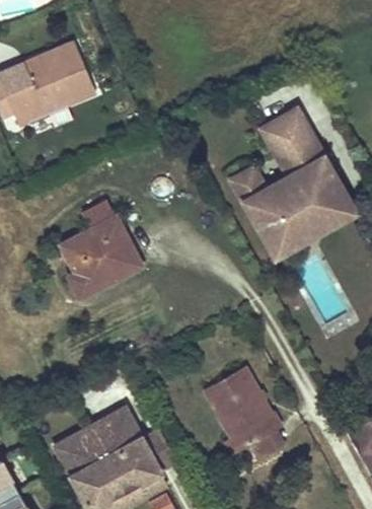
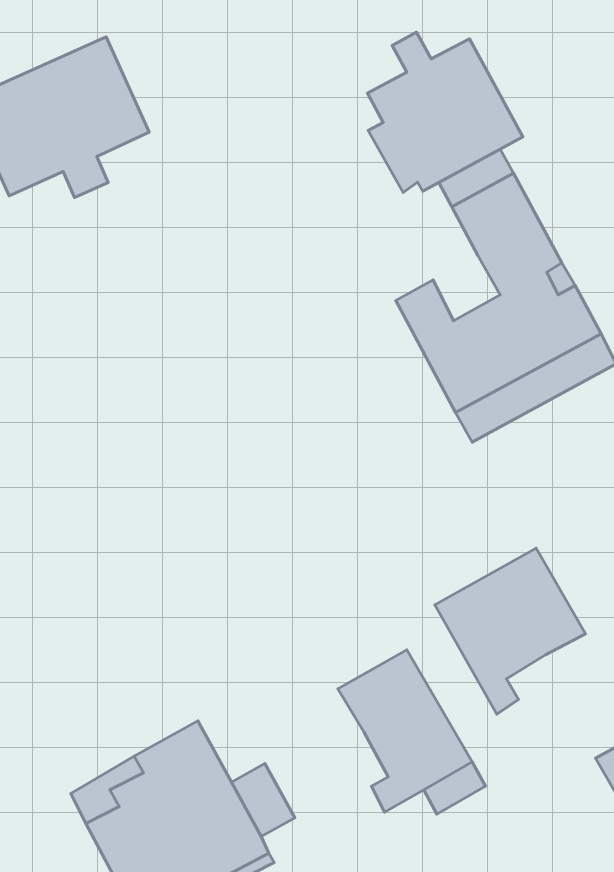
building: none -> [368,32,523,193]
building: [63,205,141,296] -> none
building: none -> [435,548,585,714]

